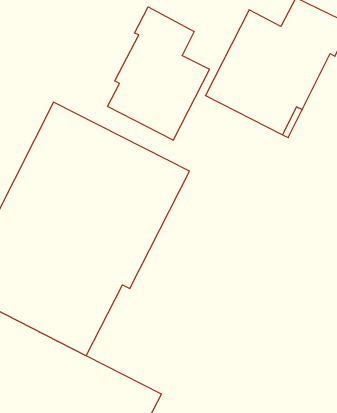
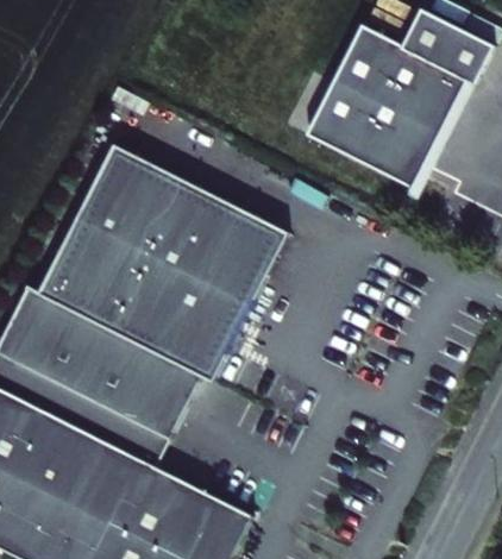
building: [108,7,209,140] -> none

